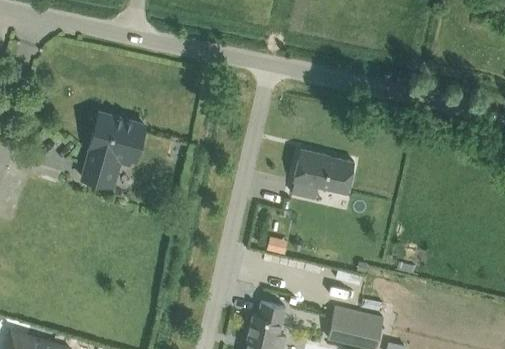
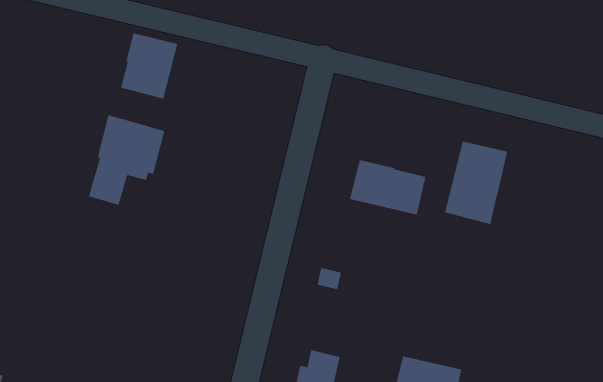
building: none -> [121,32,178,100]
building: none -> [445,141,508,225]

